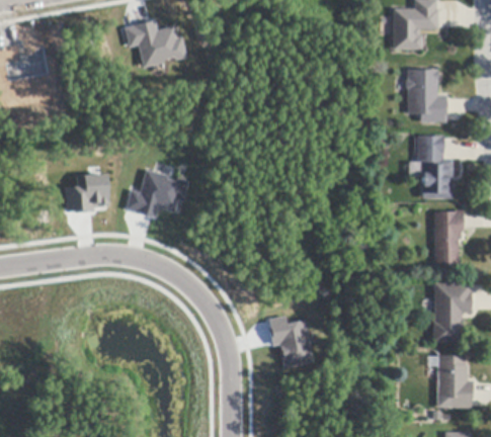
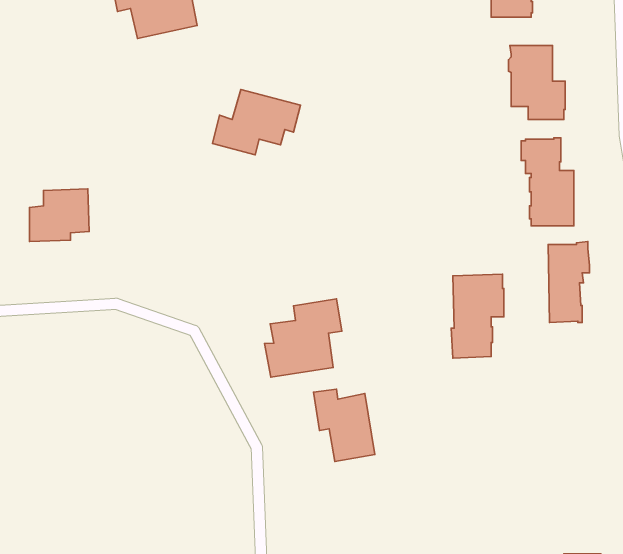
building: [125,169,187,215] -> [212,90,301,155]
building: none -> [265,299,342,377]
building: [433,282,471,342] -> [451,274,504,358]
building: [438,356,474,408] -> none

